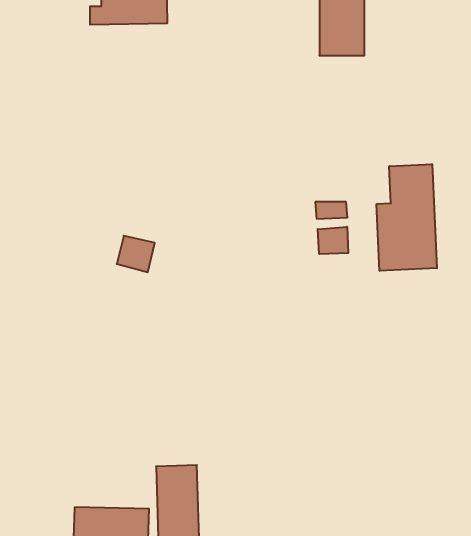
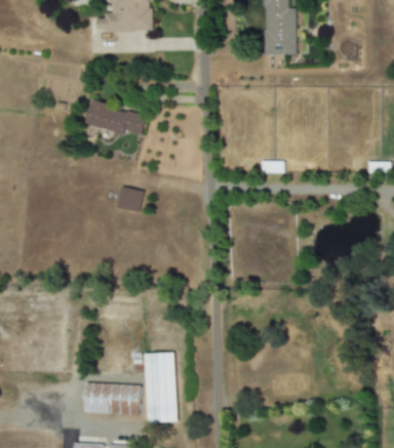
building: none -> [85,100,147,135]
building: [377,164,437,271] -> none
building: [318,227,348,254] -> none

